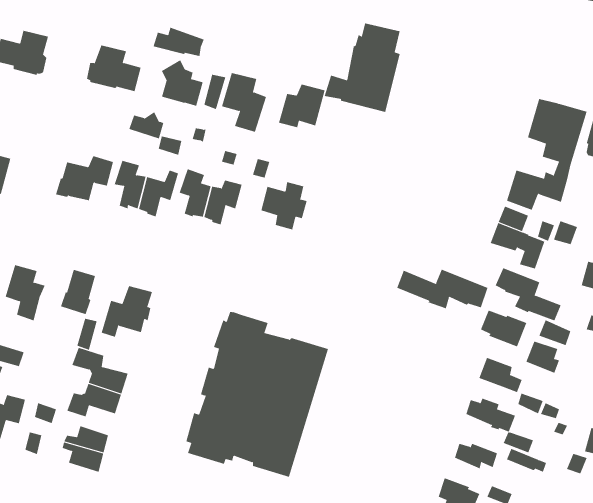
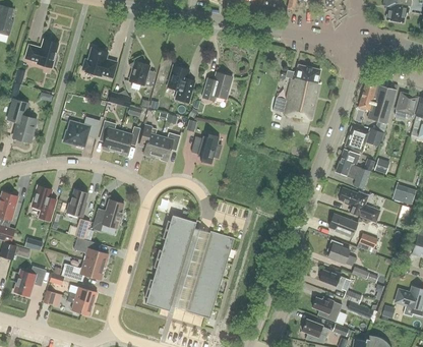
building: [324,23,400,112] -> [273,64,320,120]
building: [153,27,204,57] -> none
building: [396,269,488,309] -> none

